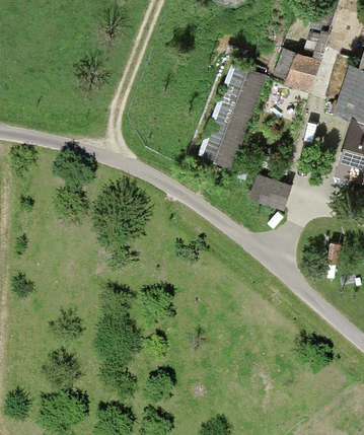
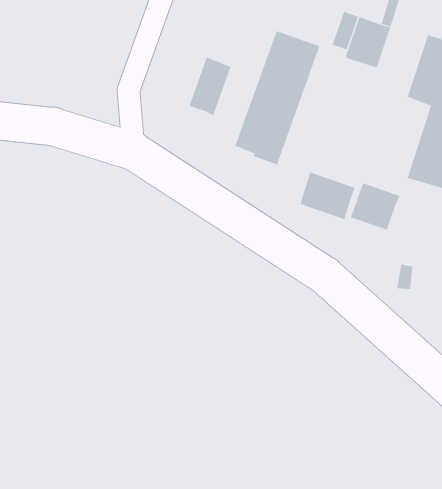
building: none -> [189,57,231,116]
building: none -> [350,183,400,230]

